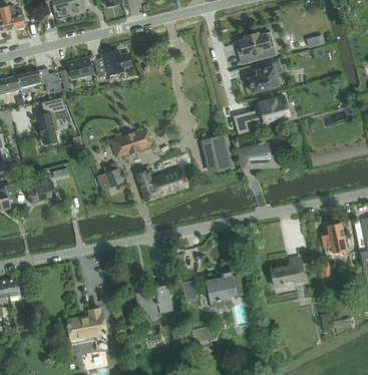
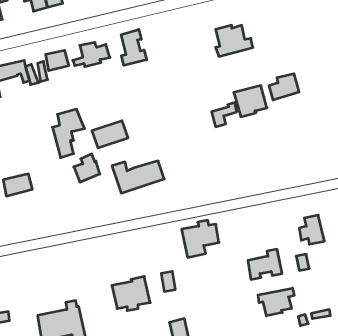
building: none -> [121,29,147,65]
building: [248,66,278,92] -> [269,74,299,100]
building: [36,97,68,145] -> [52,109,85,158]
building: [209,134,233,170] -> none
building: [238,143,277,166] -> none
building: [205,271,242,308] -> [182,220,219,257]
building: none -> [258,288,294,316]

